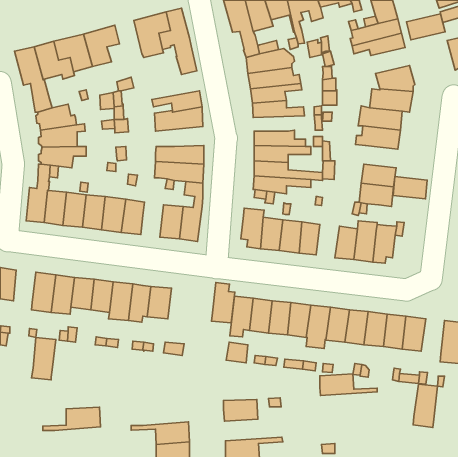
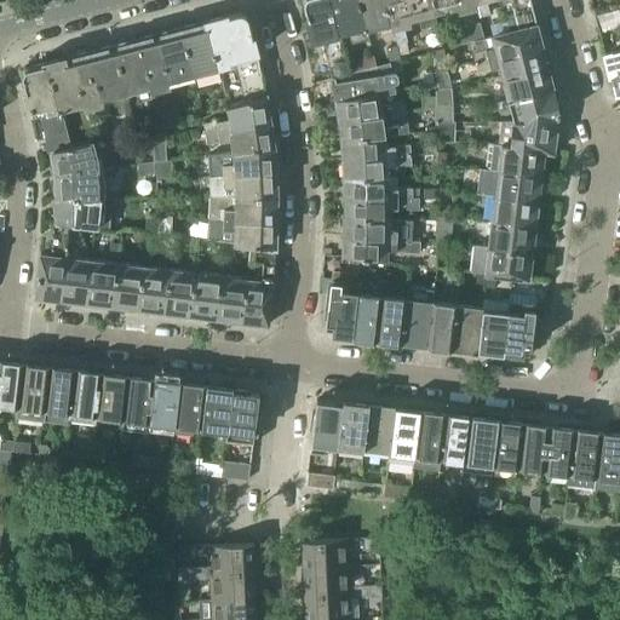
building: [406,14,445,40] -> [501,67,553,102]
building: none -> [145,30,193,92]
building: none -> [203,98,270,137]
building: none -> [343,159,412,179]
building: none -> [211,173,276,200]
building: [393,176,427,199] -> [492,199,538,229]
building: none -> [191,275,222,322]
building: none -> [427,305,459,350]
building: [212,282,235,323] -> [226,391,258,446]
building: [31,338,56,380] -> [17,367,50,424]
building: [320,374,377,395] -> [304,568,381,597]
building: [413,384,437,427] -> [568,432,601,490]
building: [43,407,100,430] -> [178,545,256,576]

